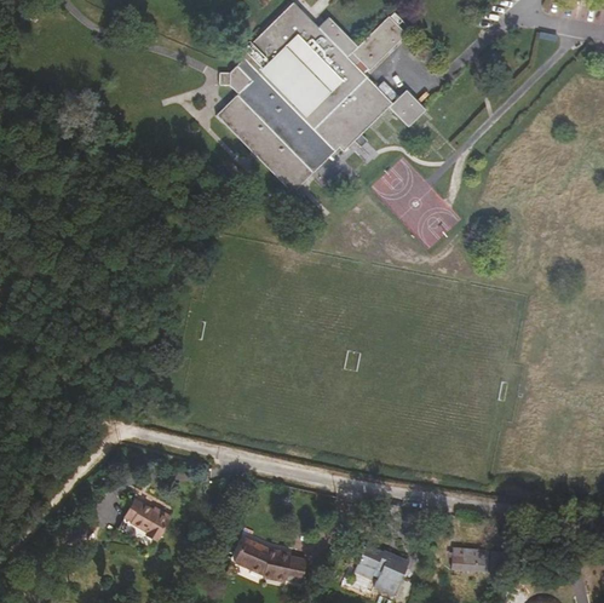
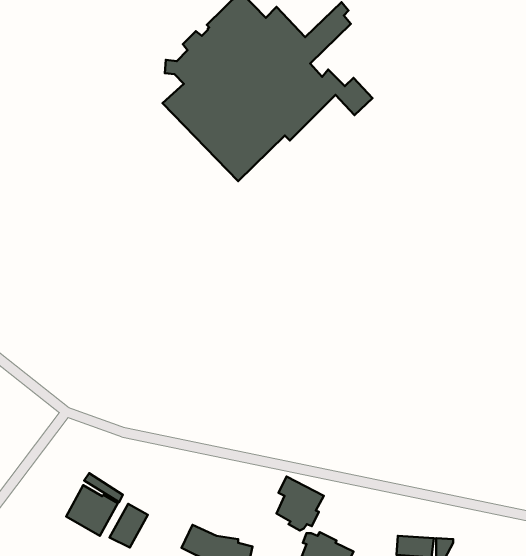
building: none -> [277,477,324,531]
building: none -> [109,504,148,548]

